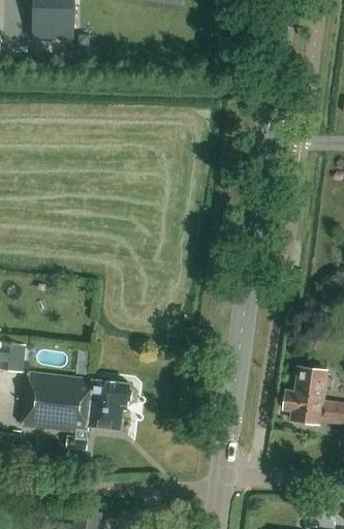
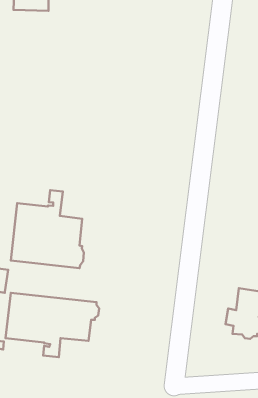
building: none -> [11,190,84,268]

